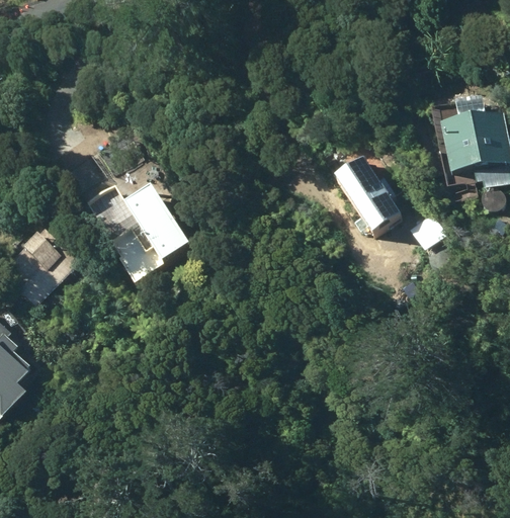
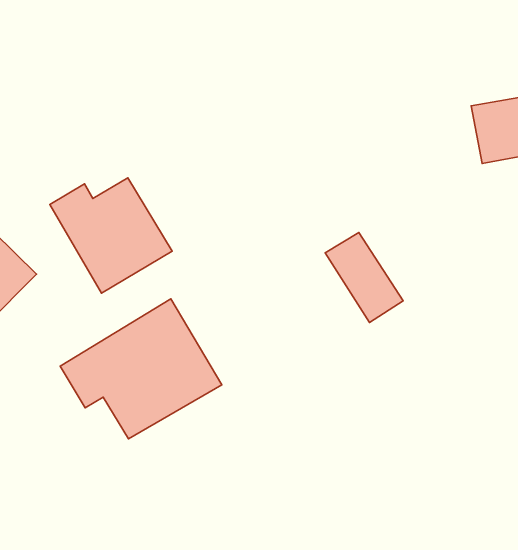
building: [335,155,401,231] -> [325,232,403,323]
building: none -> [60,299,222,439]

